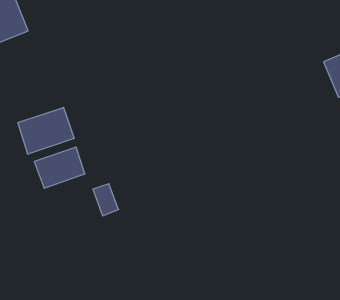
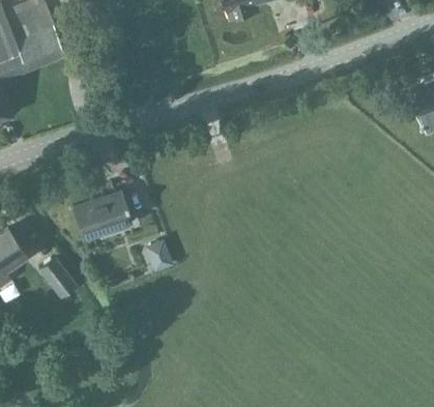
building: [18,107,74,154] -> none
building: none -> [38,256,77,297]

